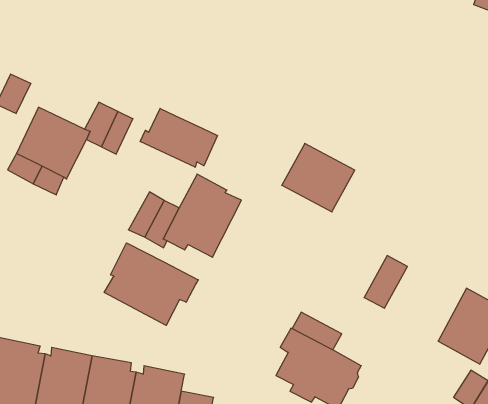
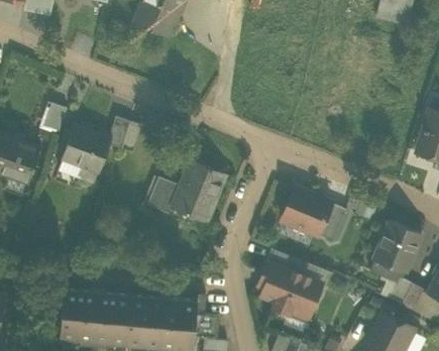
building: [140,108,217,167] -> none
building: [282,143,355,212] -> [281,190,331,236]
building: [104,243,198,325] -> none

